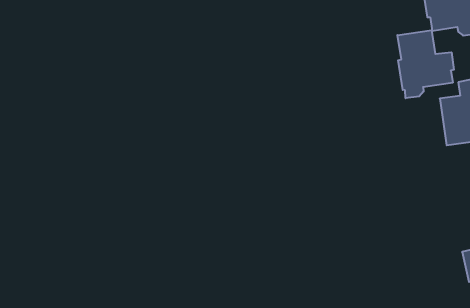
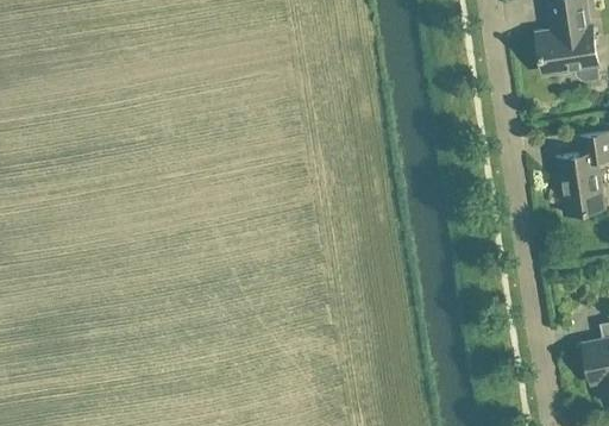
building: [397,30,454,98] -> none

